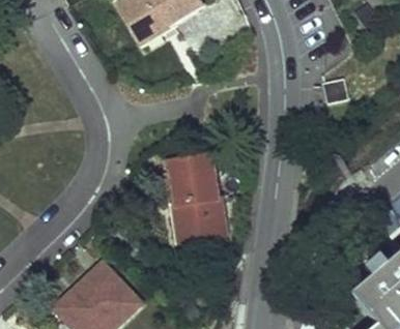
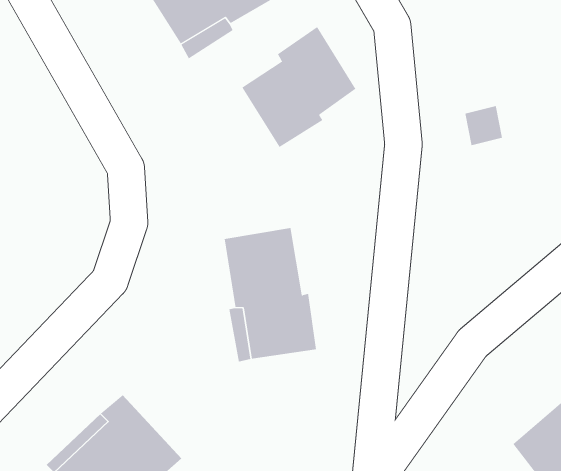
building: none -> [242,26,356,148]

